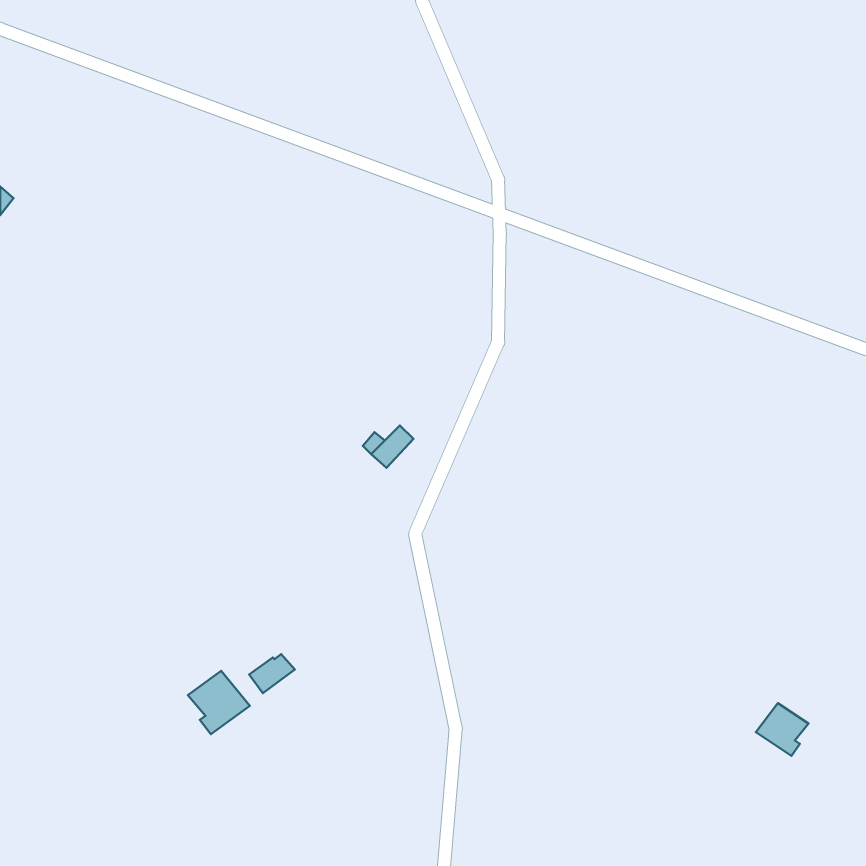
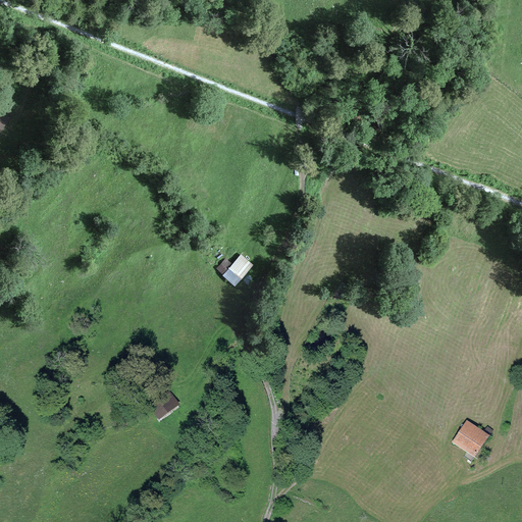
building: [188,671,250,734] -> none

